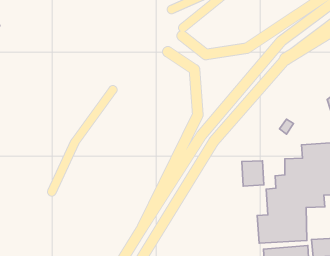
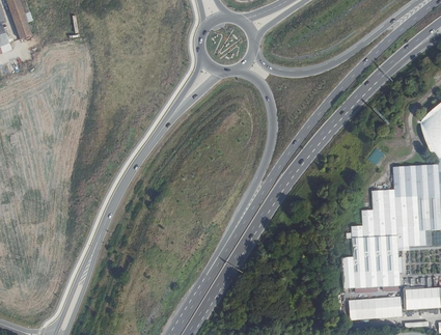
building: [242,161,264,186] -> none

